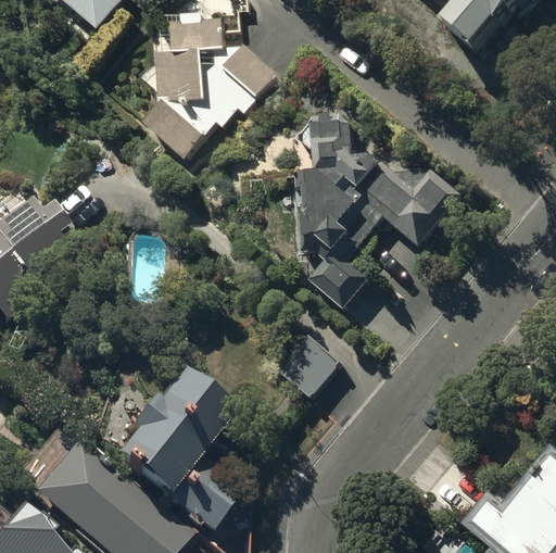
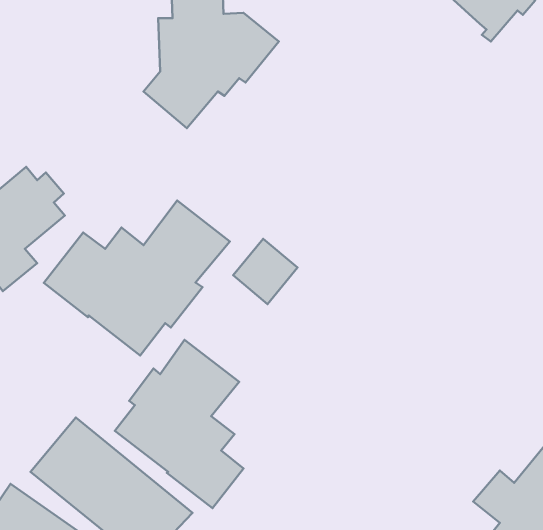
building: [296,111,462,307] -> none
building: none -> [44,201,230,356]
building: [276,331,339,395] -> [233,239,297,304]

